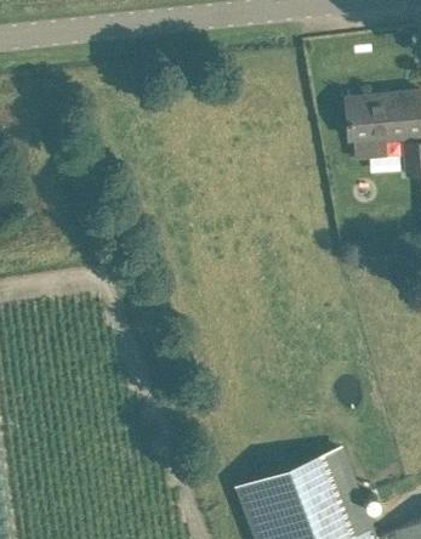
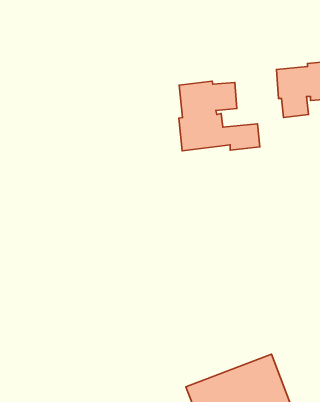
building: none -> [179,81,260,151]

